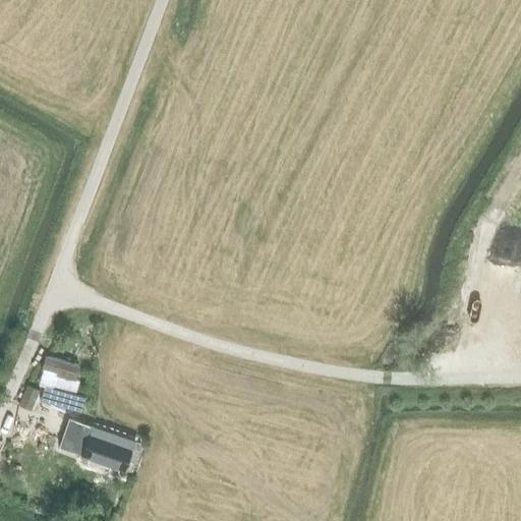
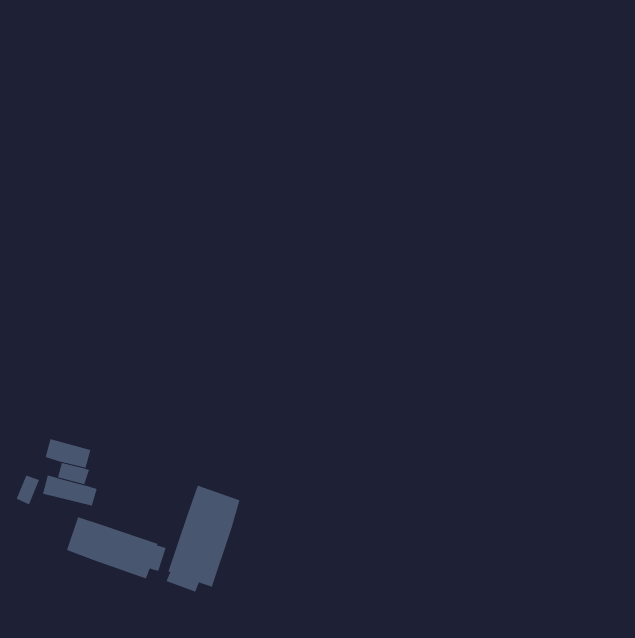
building: none -> [166,485,240,592]

